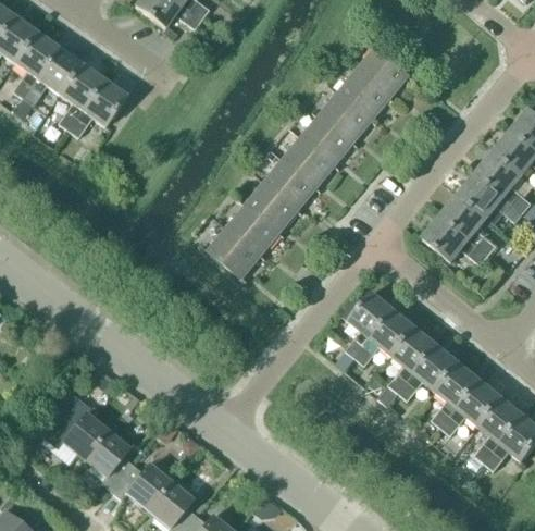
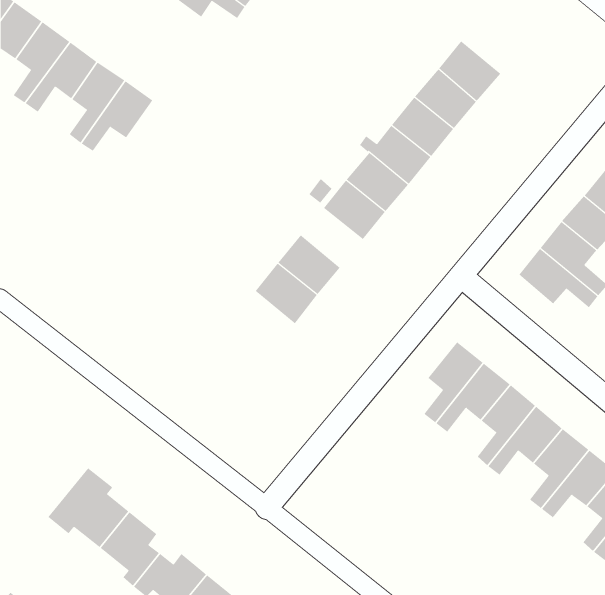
building: [246,183,297,232] -> none

